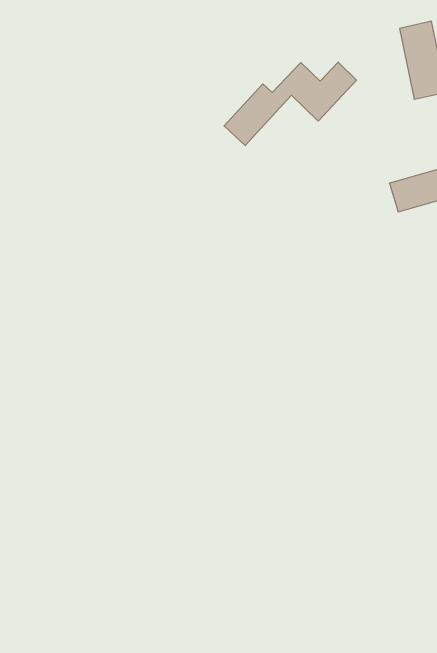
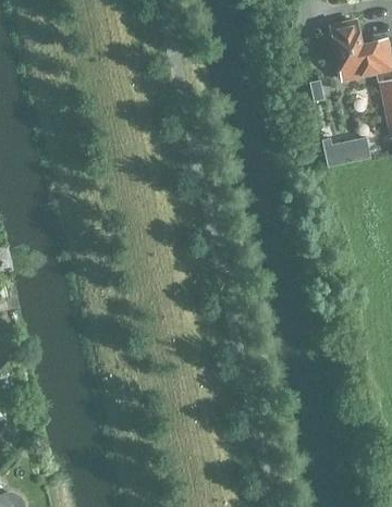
building: [224,62,356,146] -> none

